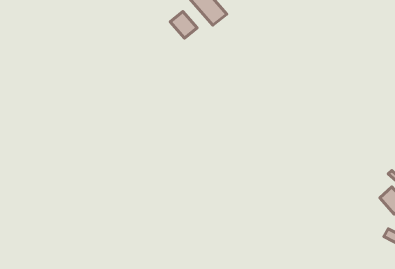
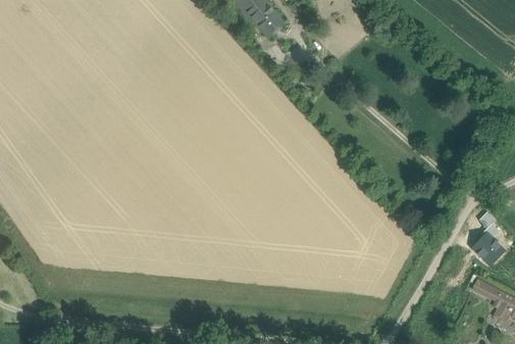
building: [170,11,197,38] -> none

